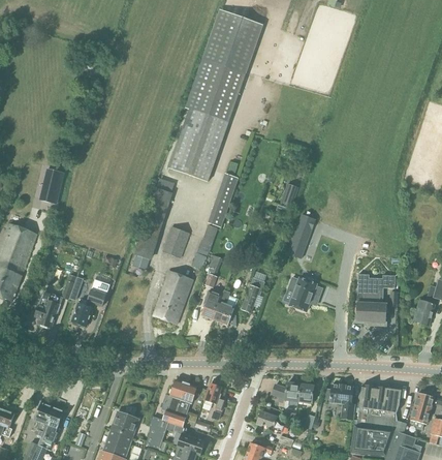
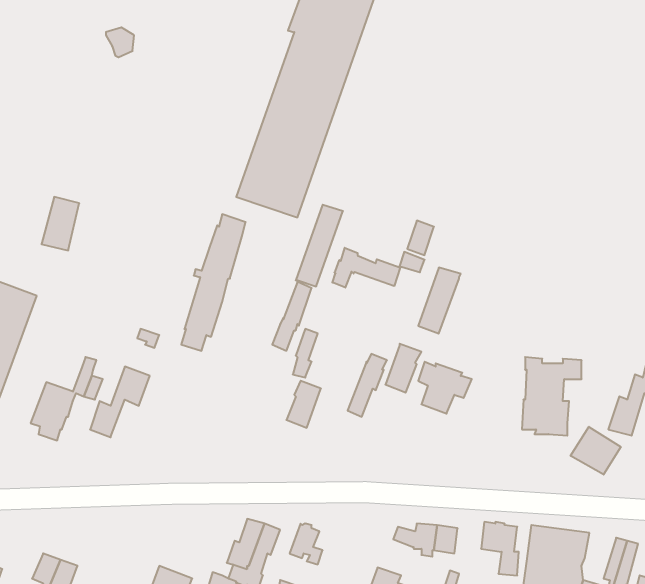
building: none -> [332,248,400,288]
building: [162,225,190,257] -> none
building: [154,270,193,324] -> none
building: [215,293,239,325] -> [385,344,421,393]
building: none -> [571,427,621,475]

